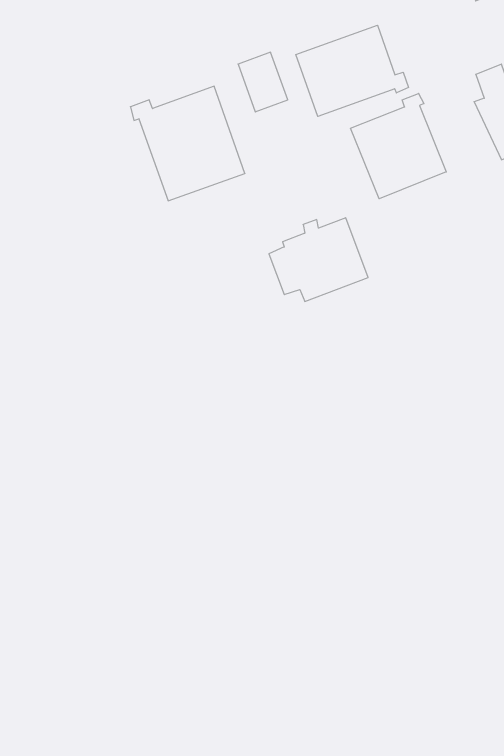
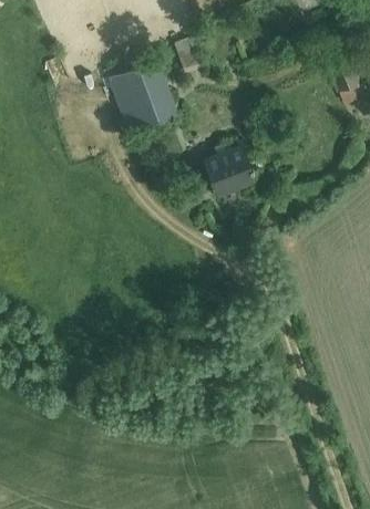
building: [296,25,408,116] -> none
building: [351,93,446,199] -> none

